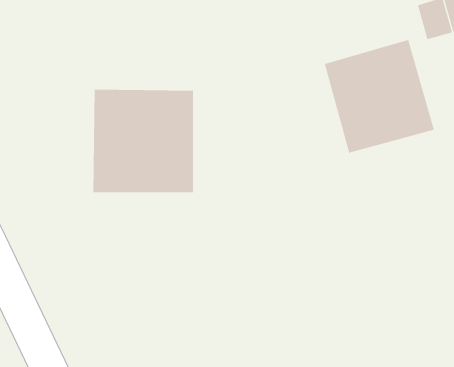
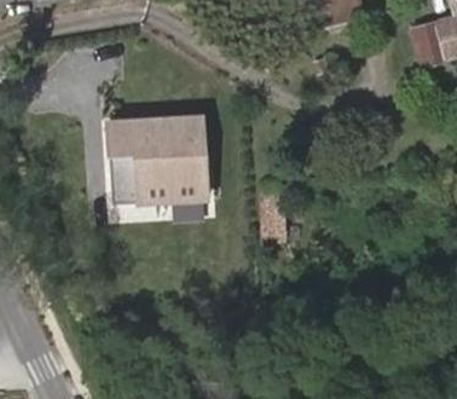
building: [324,39,434,154] -> none

